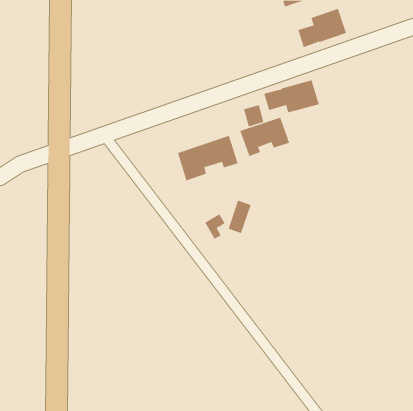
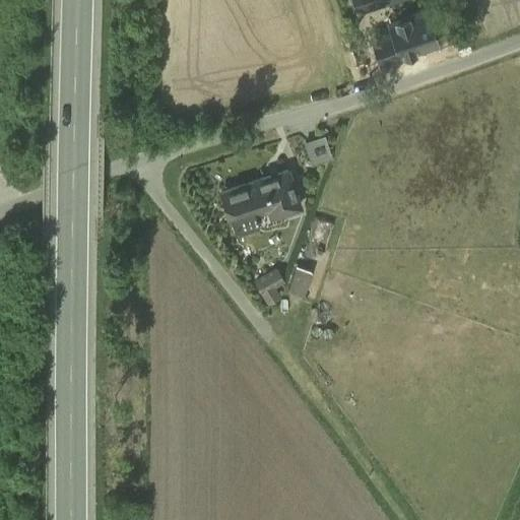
building: [264,80,319,113] -> none
building: [240,117,290,157] -> none

